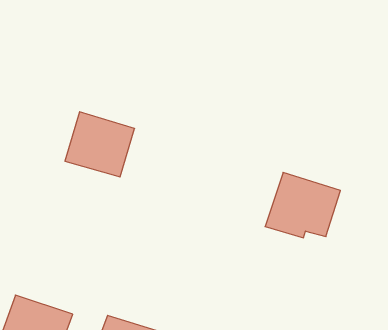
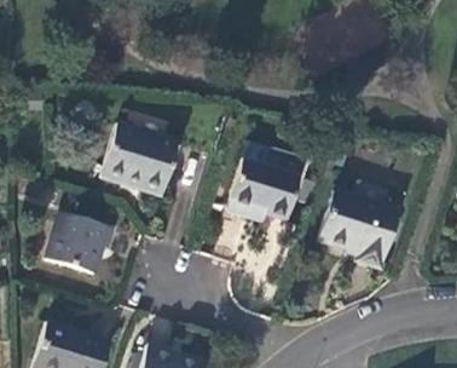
building: none -> [231,143,302,220]
building: none -> [45,211,115,272]

